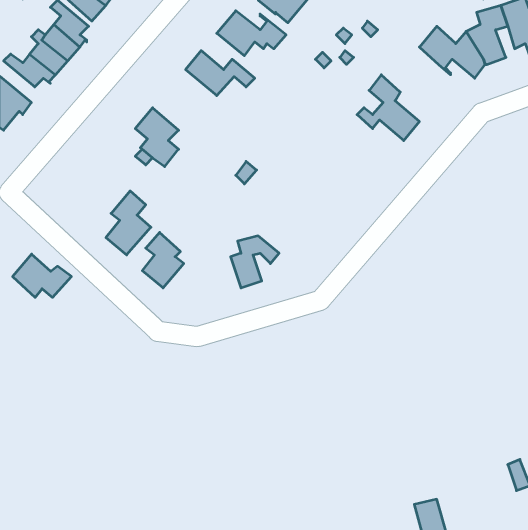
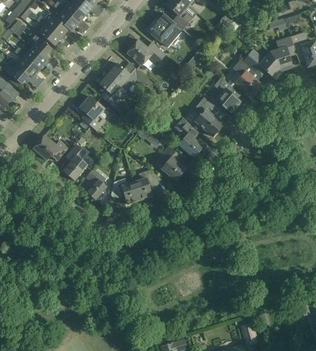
building: none -> [233,58,261,94]
building: none -> [99,73,126,111]
building: none -> [194,96,223,135]
building: none -> [178,121,204,157]
building: none -> [161,145,186,180]
building: none -> [110,176,140,203]
building: [13,254,71,297] -> [33,134,67,159]

